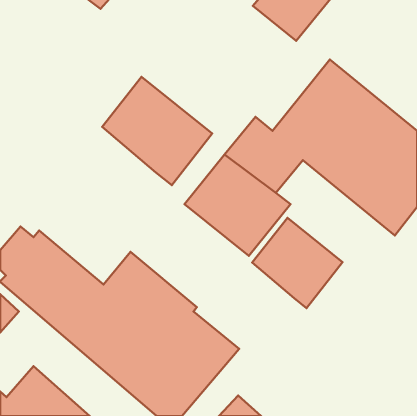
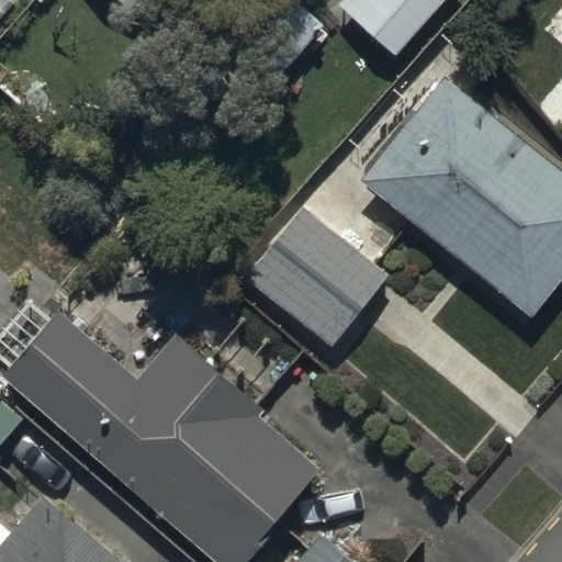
building: [102,77,212,185] -> none
building: [252,218,343,308] -> none

